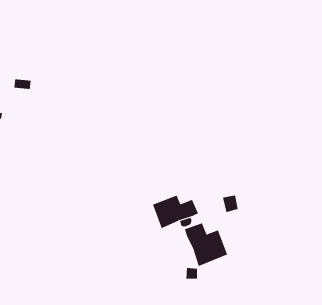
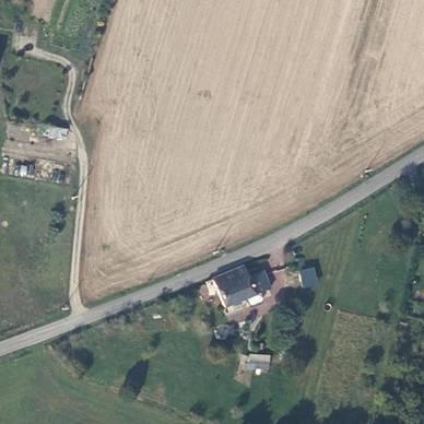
building: [184,222,228,267] -> none

